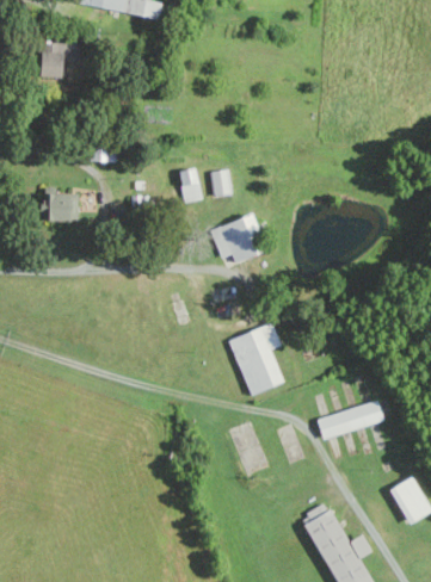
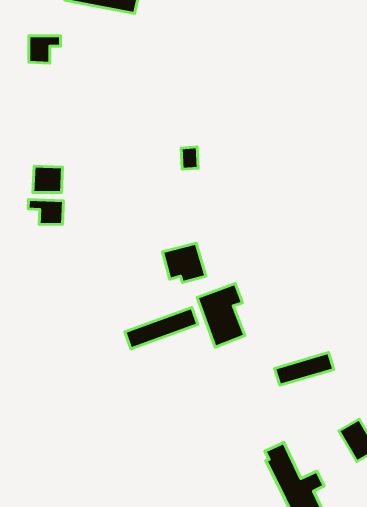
building: [178,167,202,202] -> none
building: [211,217,260,261] -> [162,243,206,282]
building: none -> [28,200,63,224]
building: none -> [125,308,198,349]

